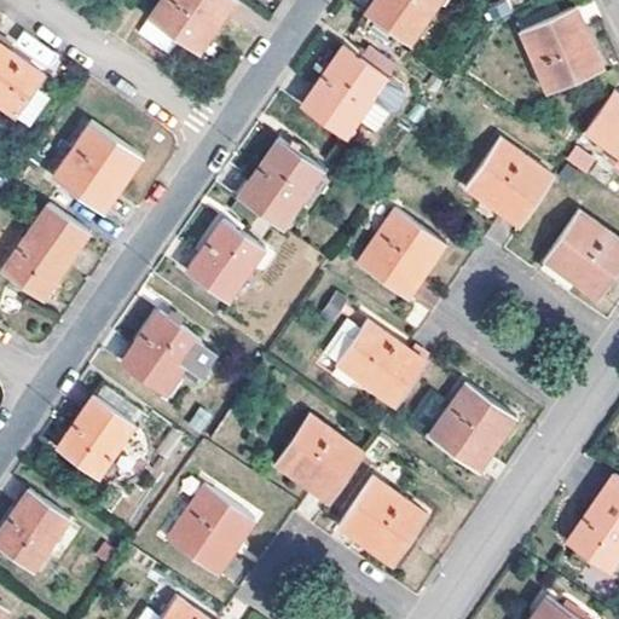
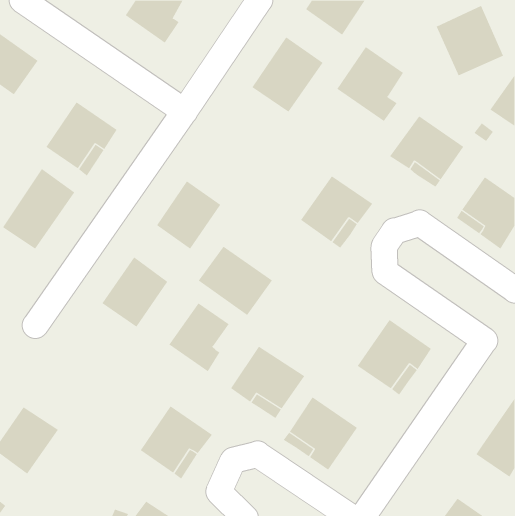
building: none -> [336,46,404,122]
building: [236,139,322,228] -> none
building: [335,323,424,406] -> [198,246,273,316]
building: none -> [168,302,230,372]
building: [57,393,135,475] -> none

